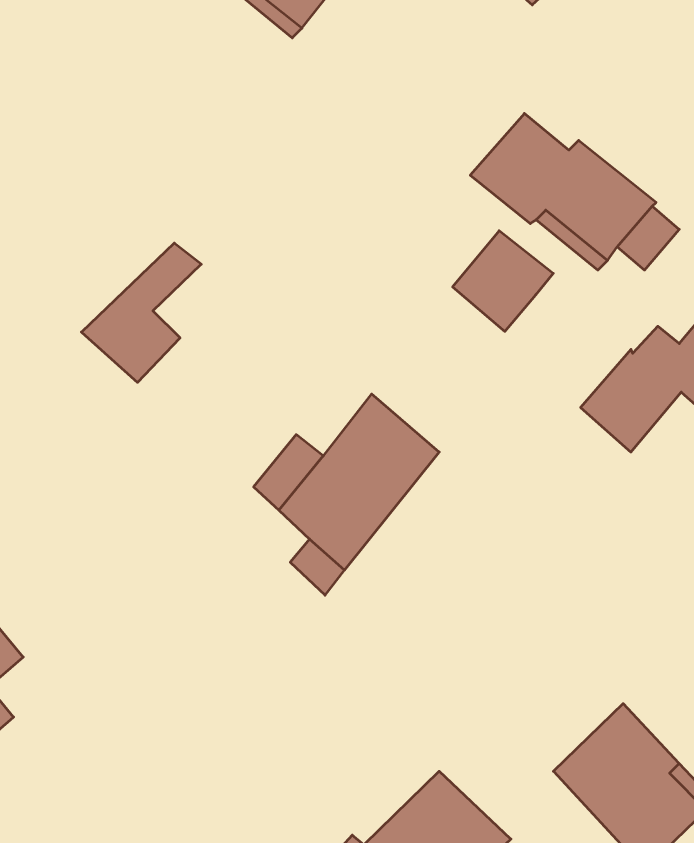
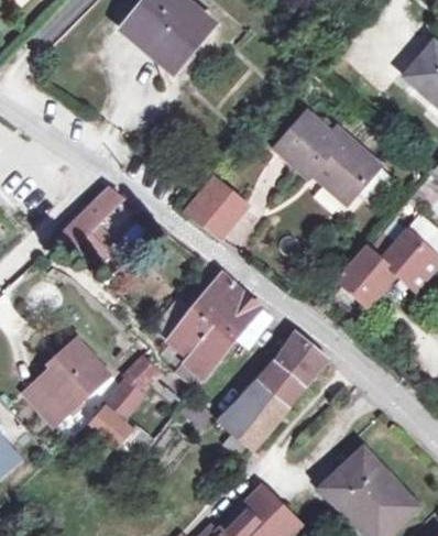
building: [453,231,553,331] -> [188,179,245,237]
building: none -> [218,332,328,460]
building: none -> [26,339,107,423]
building: none -> [89,358,155,459]

